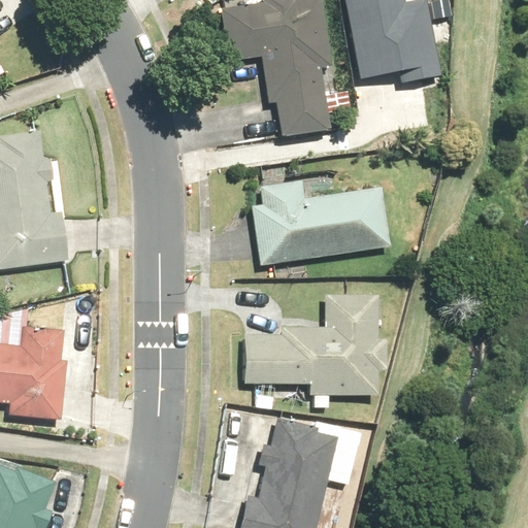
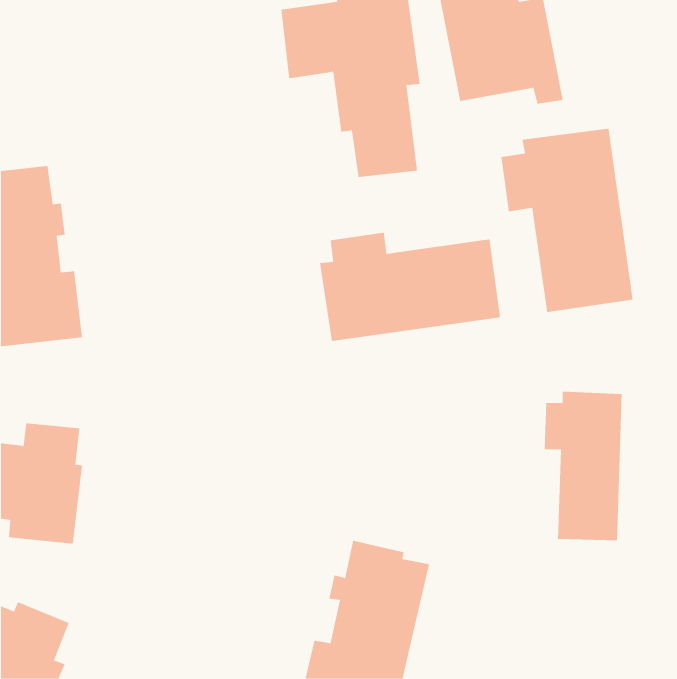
building: none -> [501,128,633,313]
building: [242,291,387,396] -> none
building: none -> [544,391,622,541]

